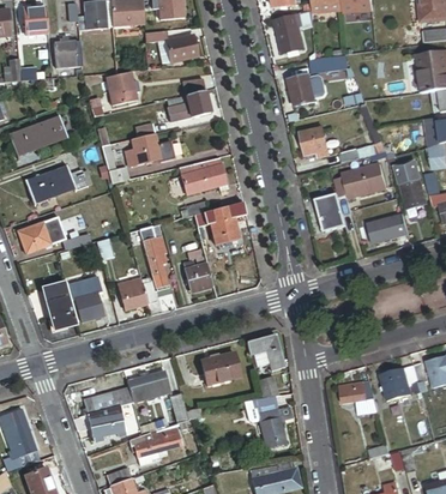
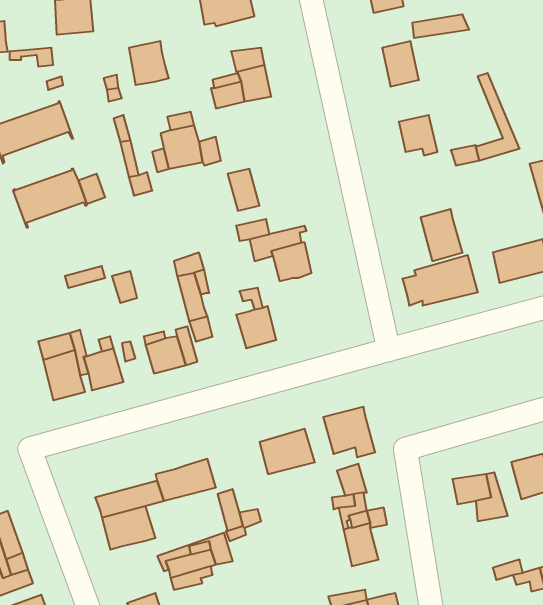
building: [193,157,225,191] -> none
building: [333,163,387,199] -> [402,255,478,306]
building: [20,222,50,253] -> none

